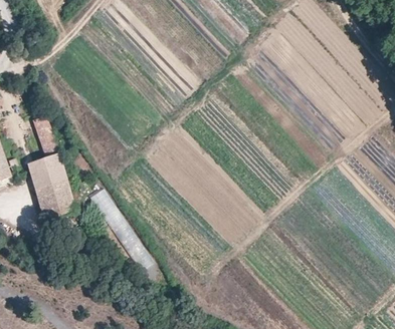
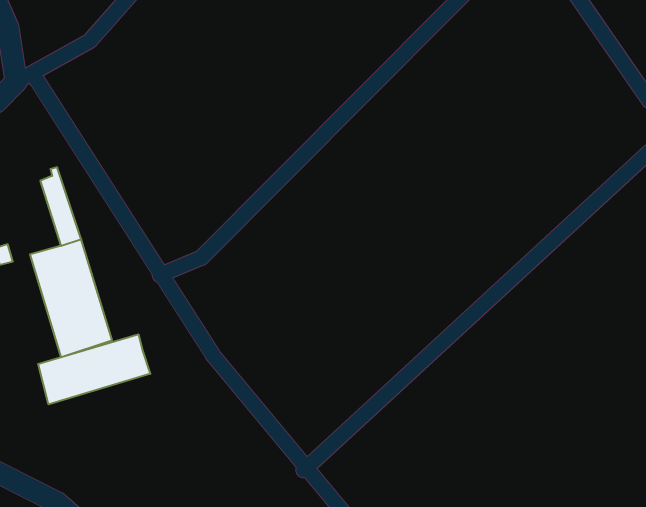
building: none -> [38,334,150,404]

